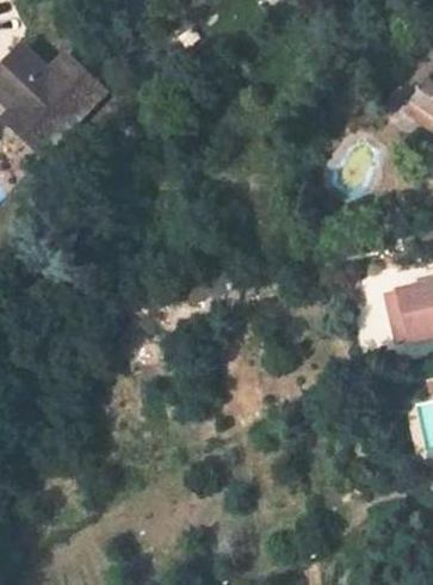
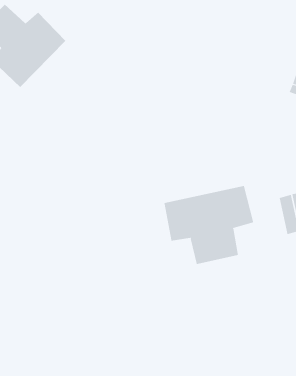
building: none -> [164,185,254,265]

